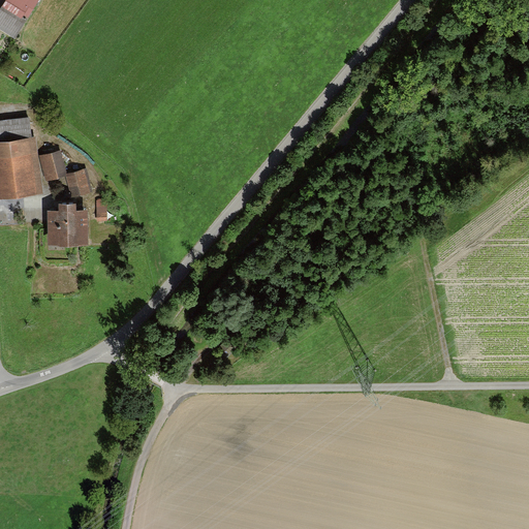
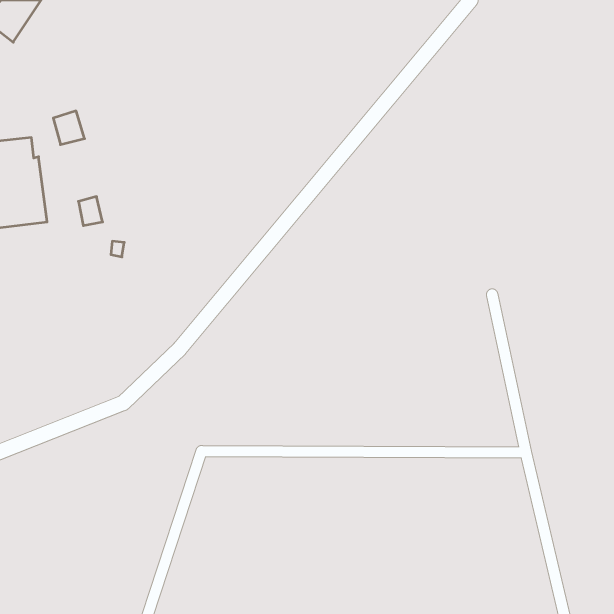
building: [38,151,65,180] -> [53,111,85,145]
building: [48,209,86,244] -> none

